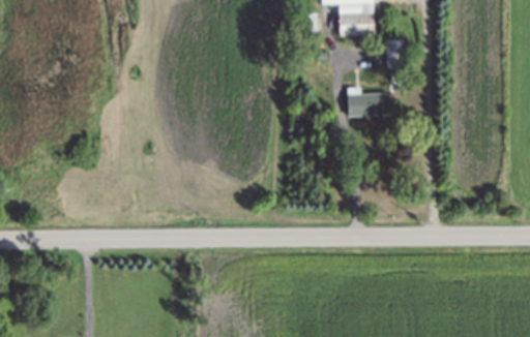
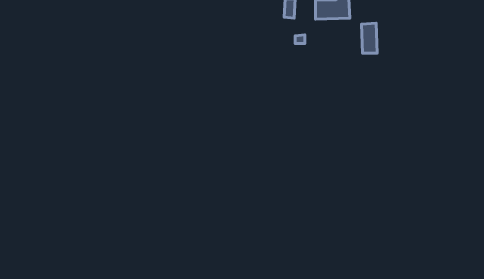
building: [347,93,384,115] -> none

